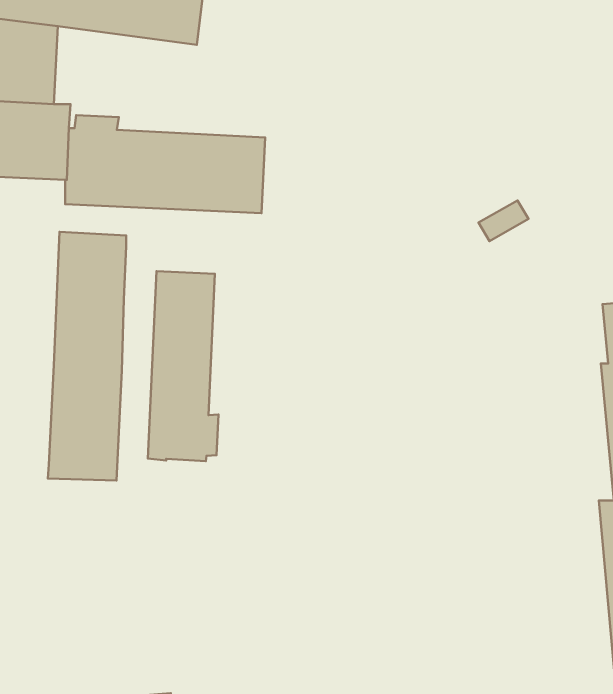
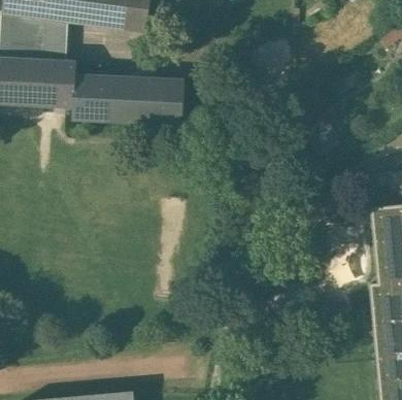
building: [48,232,126,481] -> none
building: [148,271,218,461] -> none

